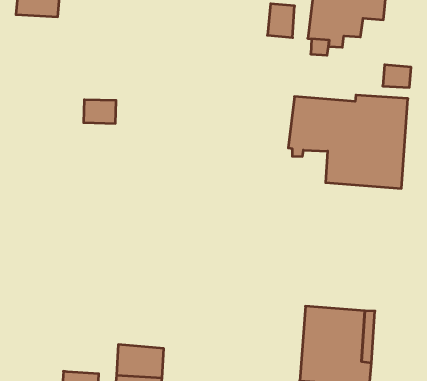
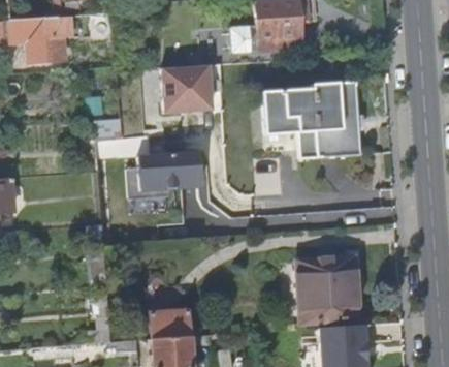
building: none -> [164,61,217,109]
building: none -> [131,148,204,188]

